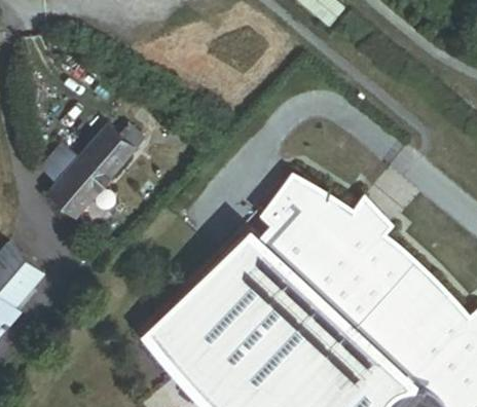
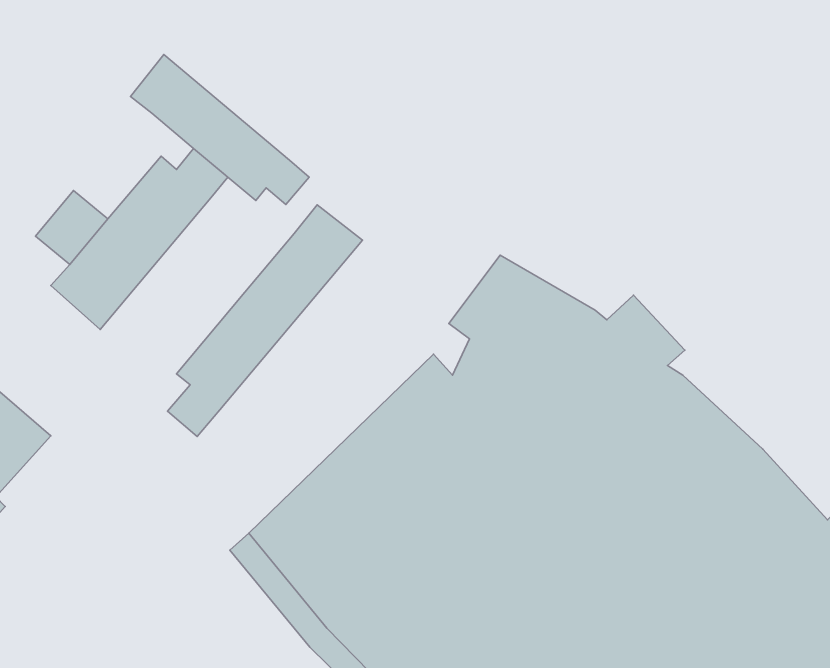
building: none -> [131,54,309,205]
building: none -> [168,205,362,436]

